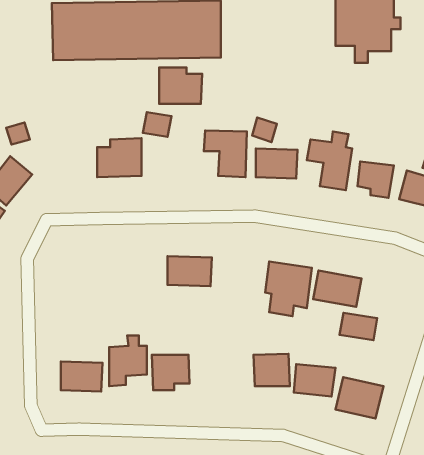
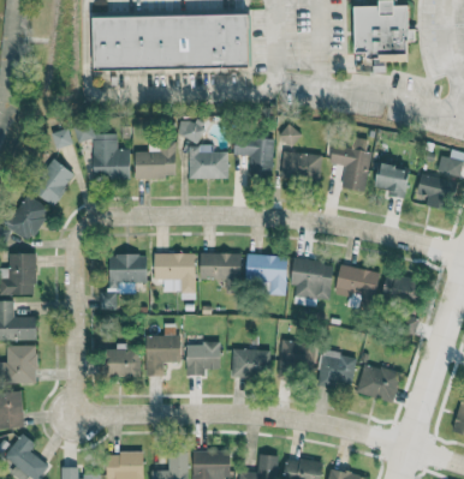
building: [159,67,202,104] -> [189,145,228,179]
building: none -> [76,124,131,180]
building: none -> [154,253,196,300]
building: none -> [101,255,148,310]
building: none -> [246,255,287,295]
building: [340,313,377,340] -> [385,275,420,300]
building: none -> [232,349,270,377]

